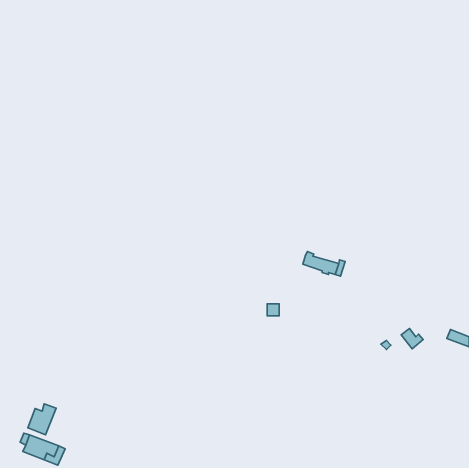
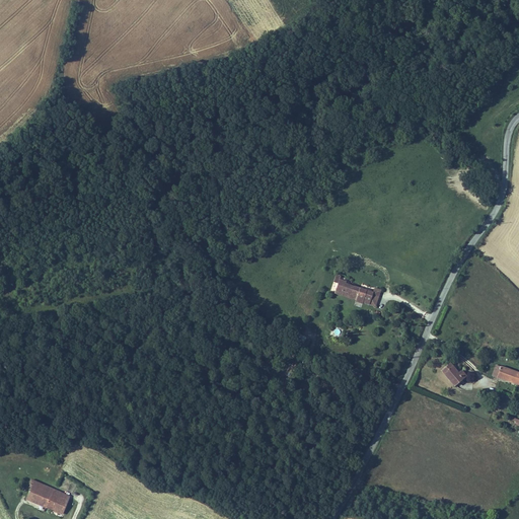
building: [28,404,56,435] -> none

